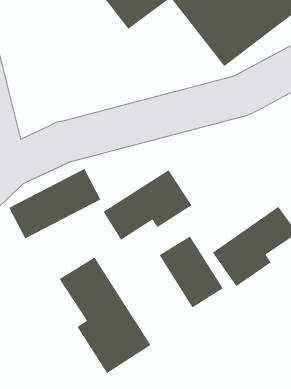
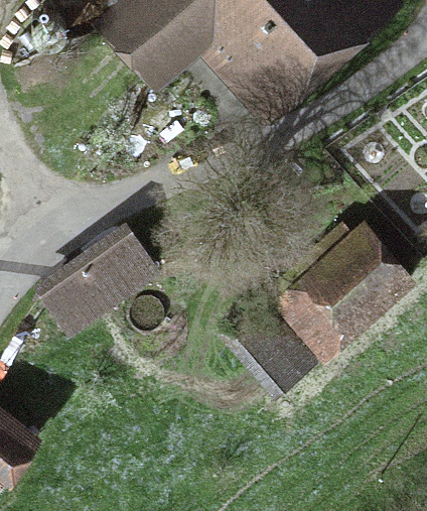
building: [103,169,193,241] -> none
building: [59,257,151,374] -> none

